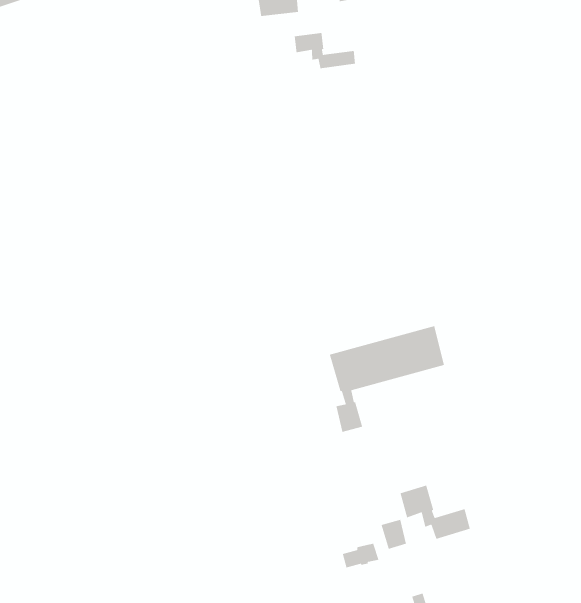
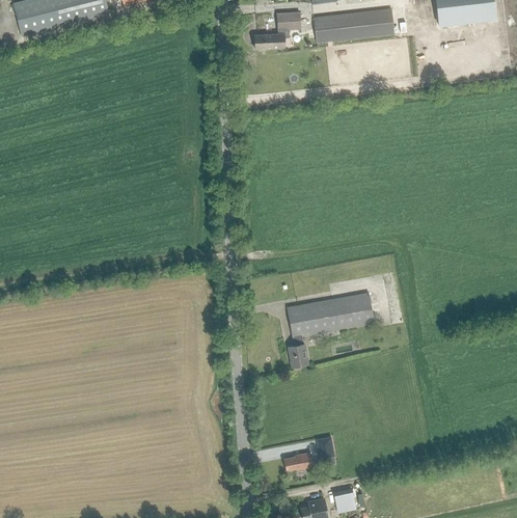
building: [294,32,356,69] -> none
building: [399,485,471,540] -> none

